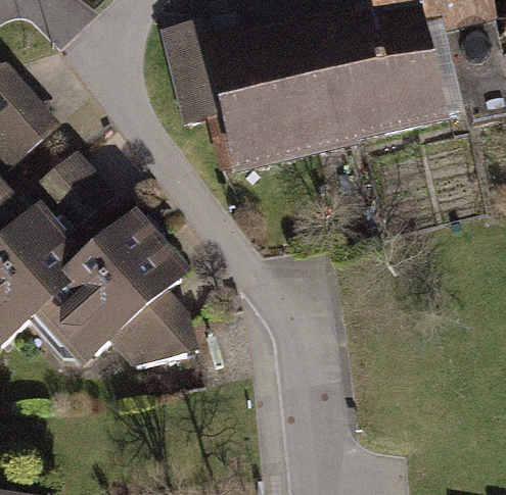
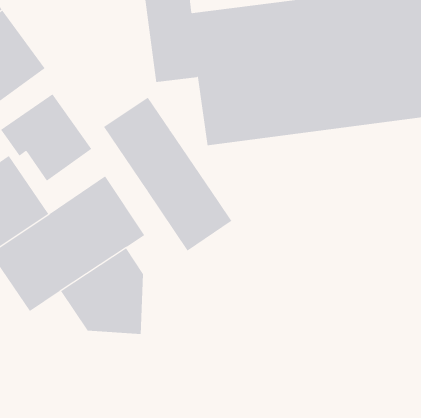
building: none -> [103,97,232,251]

